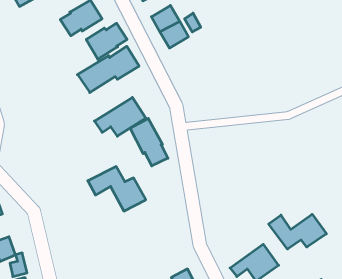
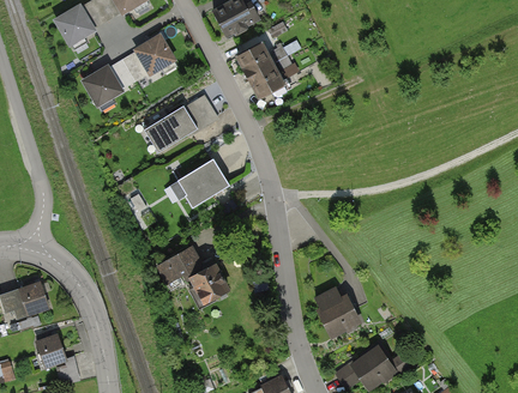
building: [86,23,127,59] -> [83,60,134,105]
building: [130,118,168,166] -> none
building: none -> [314,286,361,337]
building: [269,214,326,249] -> none

